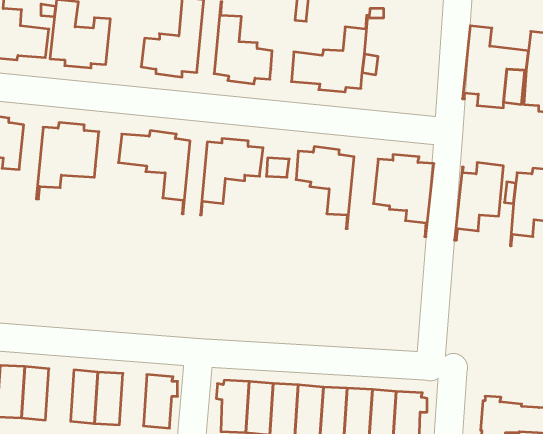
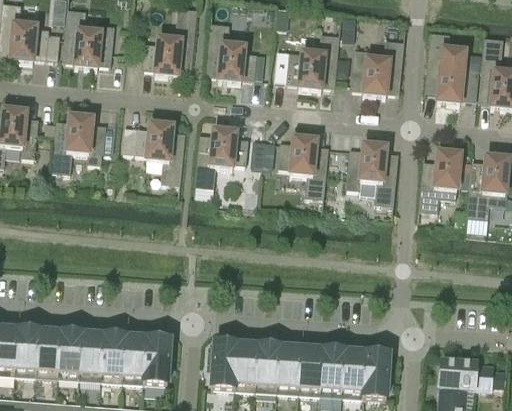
building: none -> [350,29,405,97]
building: none -> [58,333,83,379]
building: none -> [123,337,147,383]

